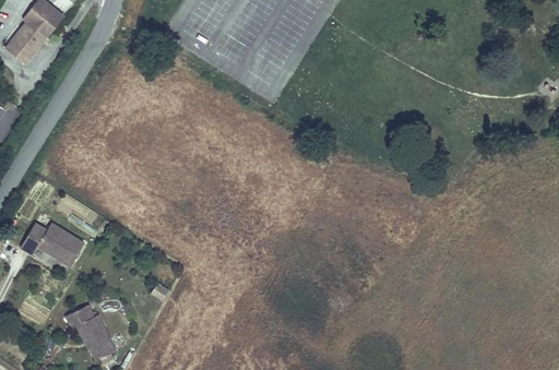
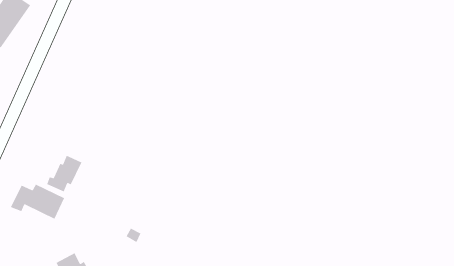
building: none -> [46,155,82,193]

